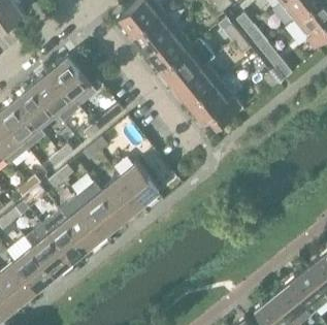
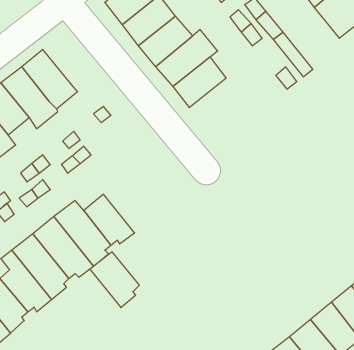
building: [189,73,242,127] -> none
building: [118,164,159,210] -> [90,252,139,308]

